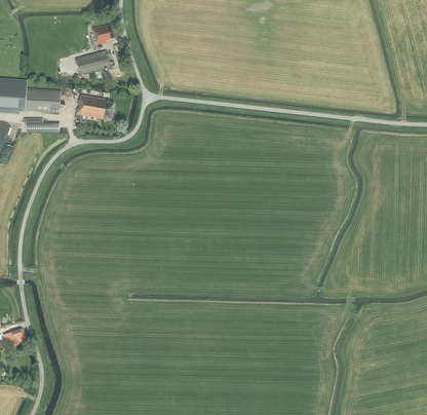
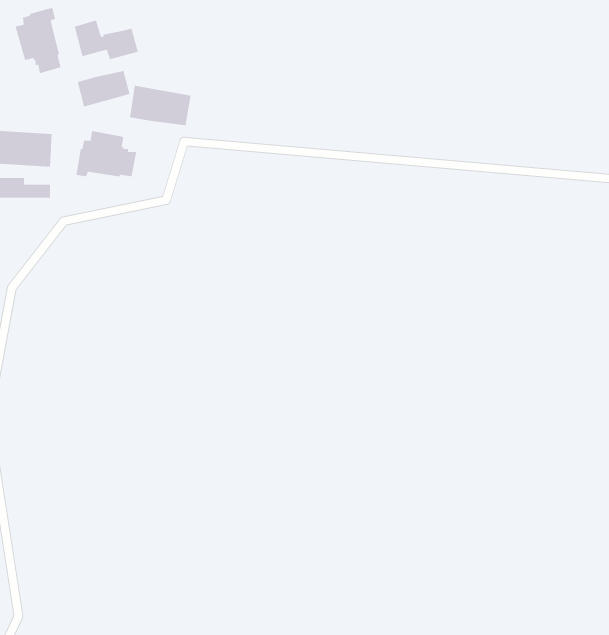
building: none -> [14,7,62,74]
building: none -> [129,85,192,126]

